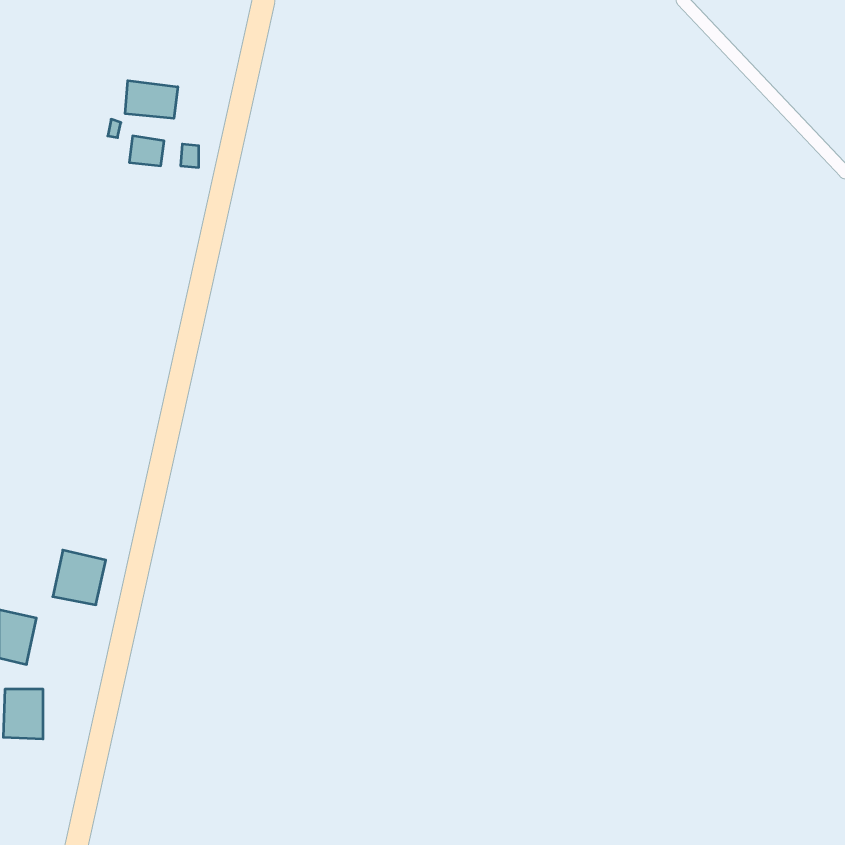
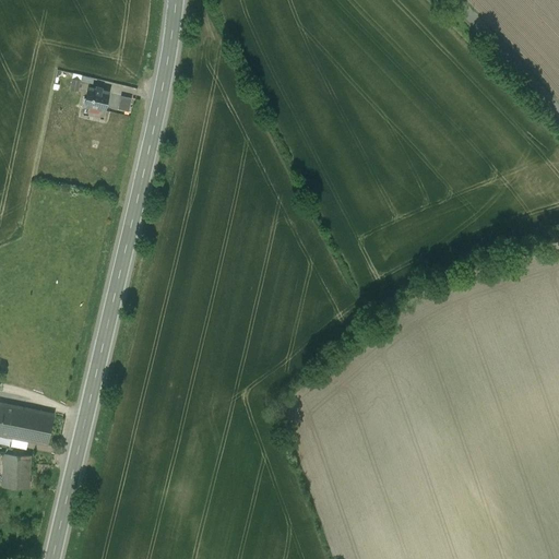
building: [125,81,178,118] -> none
building: [53,550,106,605] -> [17,408,52,444]

